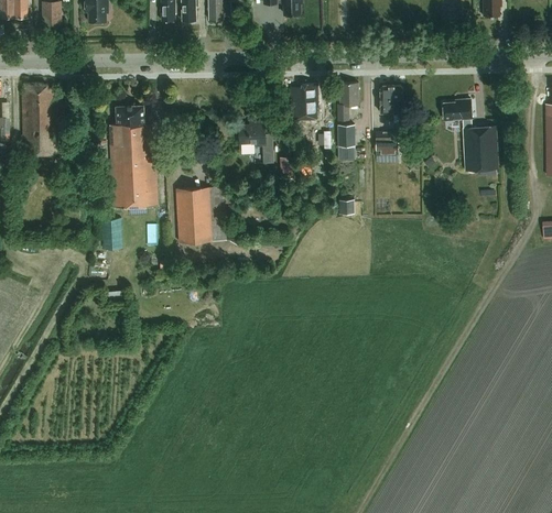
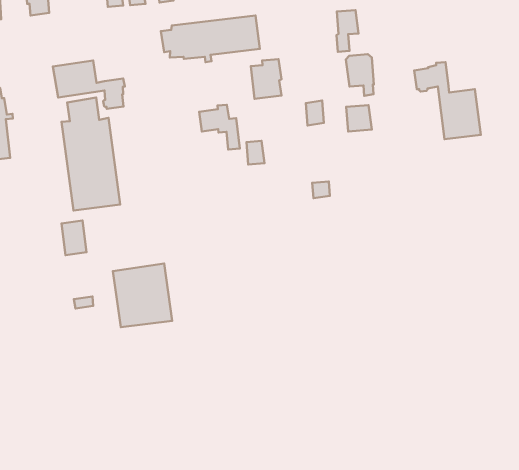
building: none -> [161,15,260,62]
building: none -> [53,60,125,109]
building: [337,83,358,120] -> [336,10,359,52]
building: [175,186,227,242] -> [113,263,172,327]

